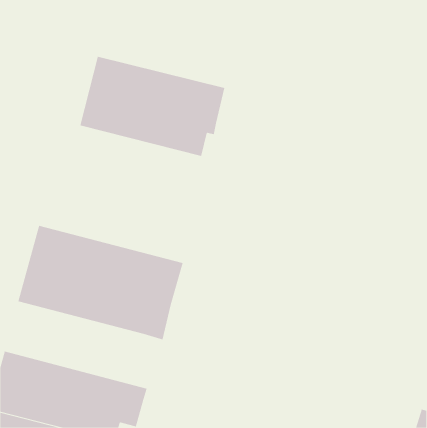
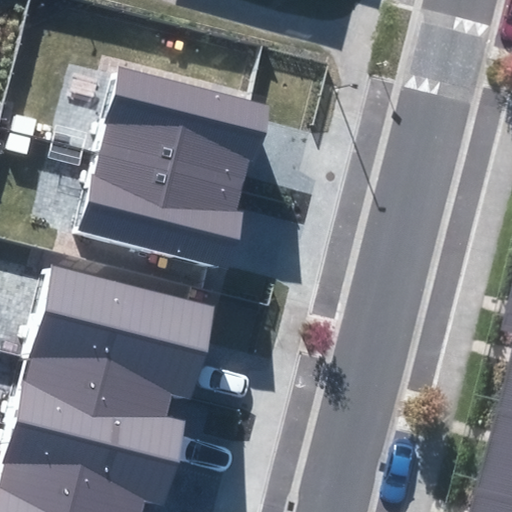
building: none -> [75,150,245,269]
building: none -> [5,360,185,464]

